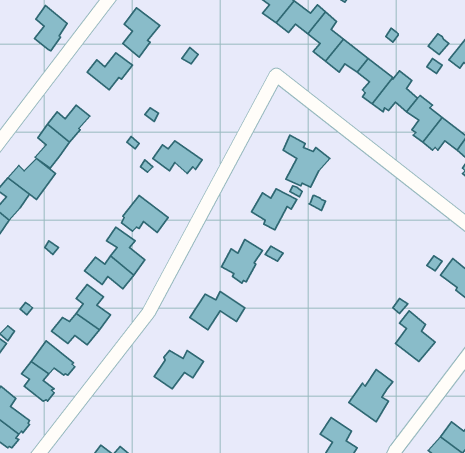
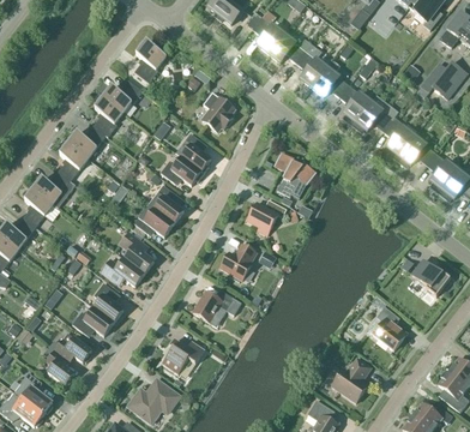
building: [34,6,67,51] -> [94,96,122,136]
building: none -> [201,91,235,131]
building: none -> [175,132,211,173]
building: none -> [149,184,183,223]
building: none -> [128,378,180,422]

